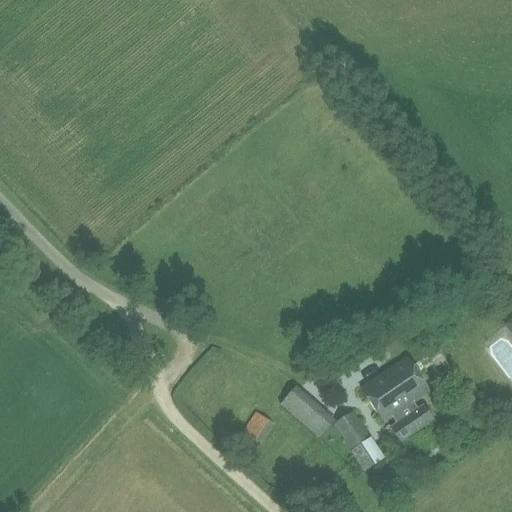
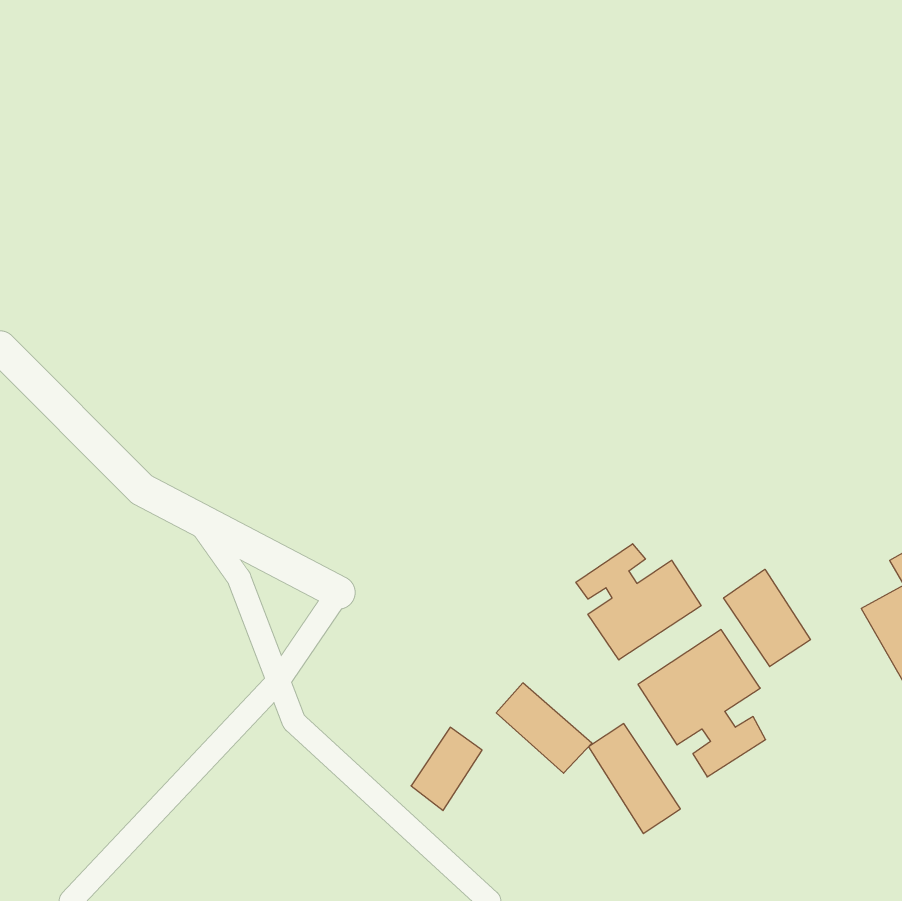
building: none -> [576,544,701,660]
building: none -> [724,569,810,667]

